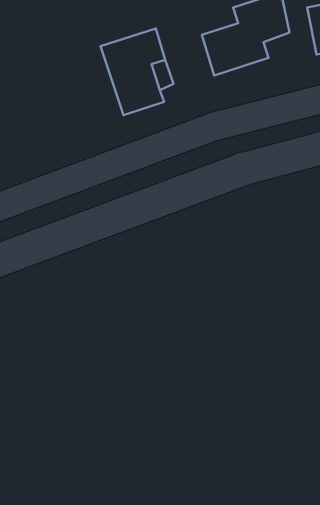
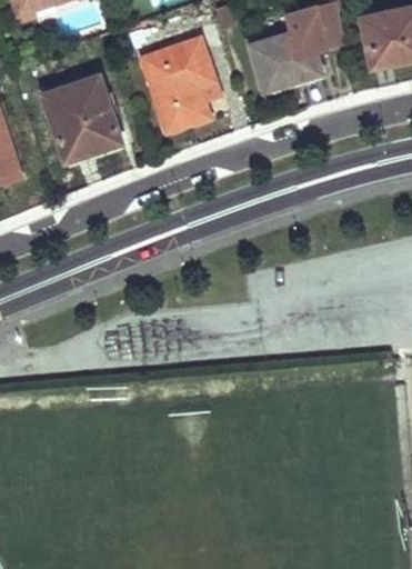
building: none -> [43,74,121,160]

